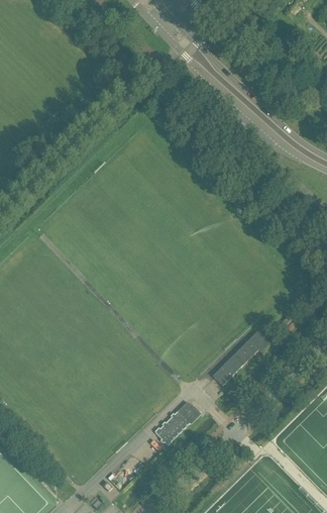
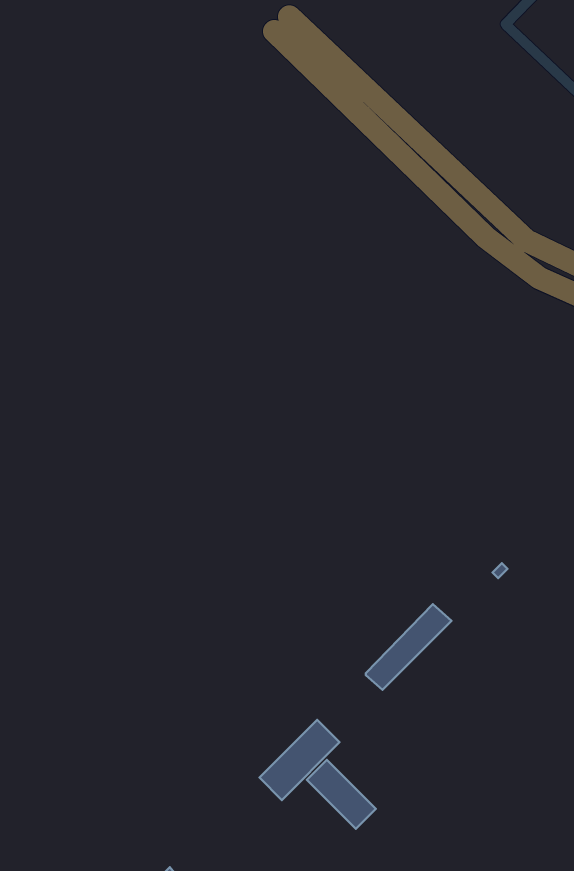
building: none -> [307,760,376,829]

